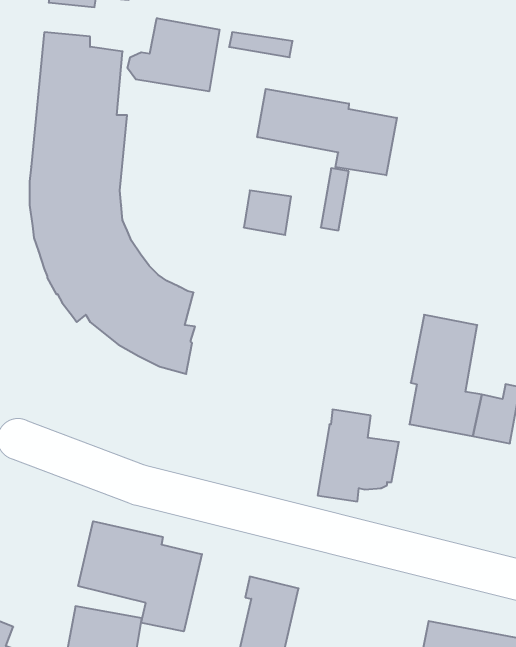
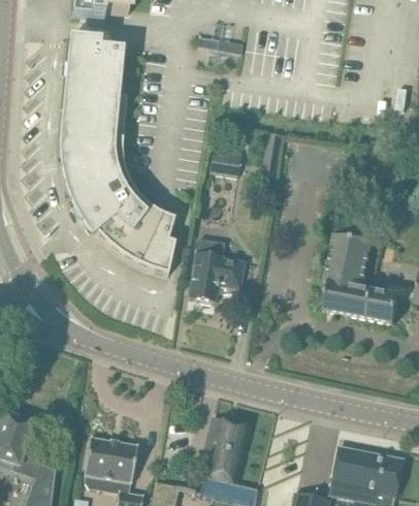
building: [128,18,220,91] -> none
building: [257,89,397,175] -> none
building: [318,410,399,501] -> [188,238,245,302]
building: [78,521,202,631] -> none

